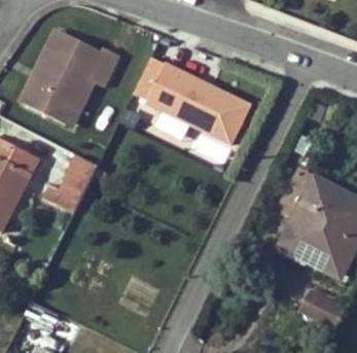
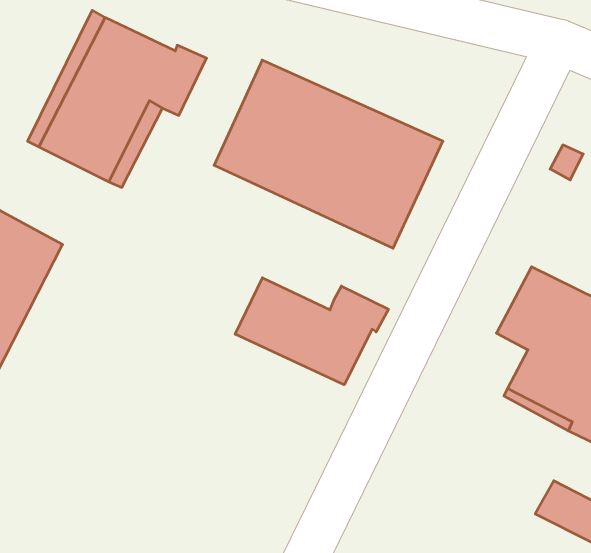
building: [44,154,97,213] -> none
building: none -> [235,278,388,385]

